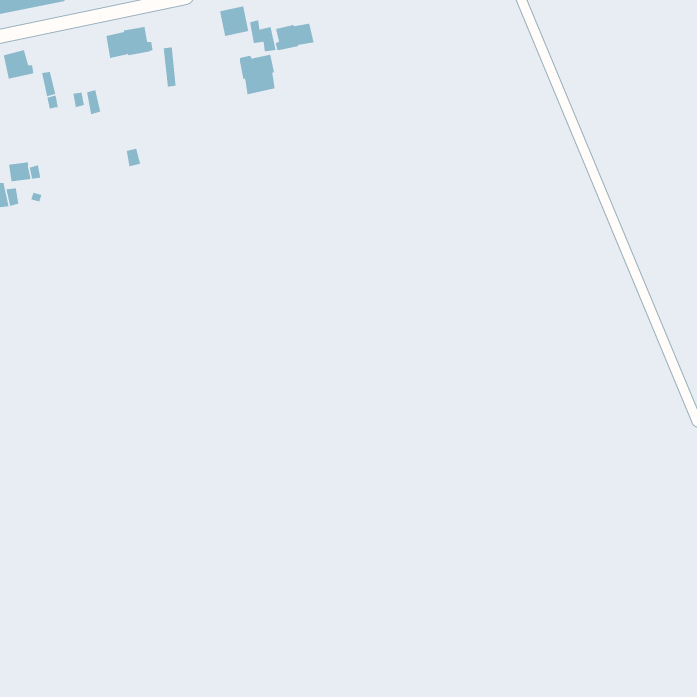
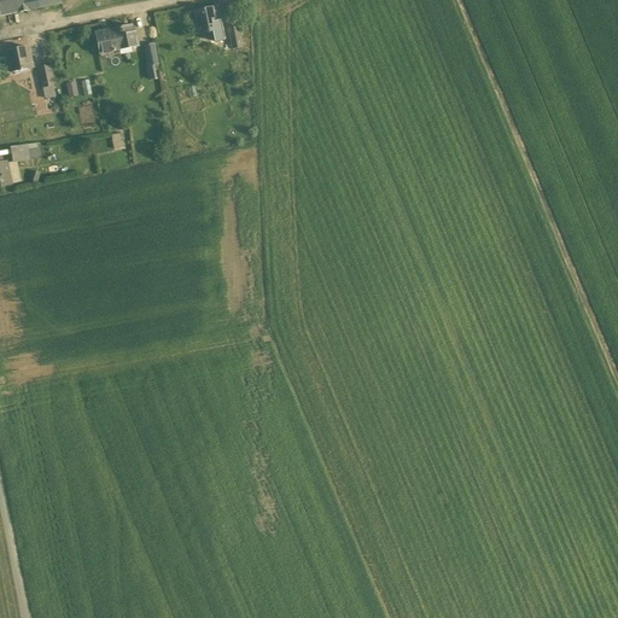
building: [275,23,314,51] -> none
building: [239,54,275,95] -> none

